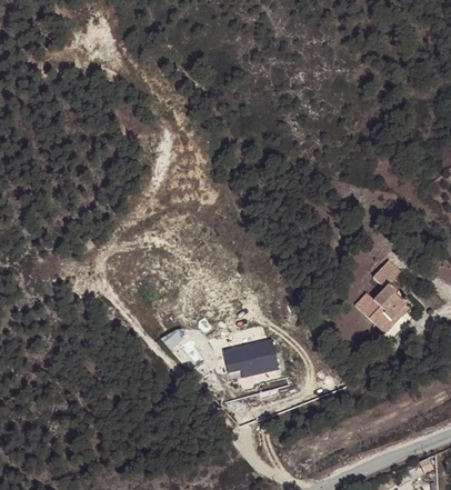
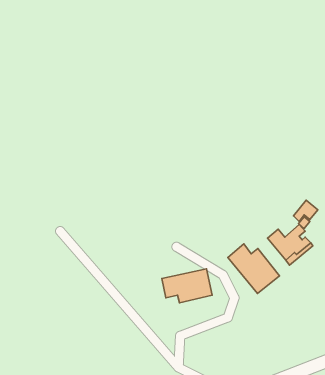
building: none -> [228,244,280,294]

